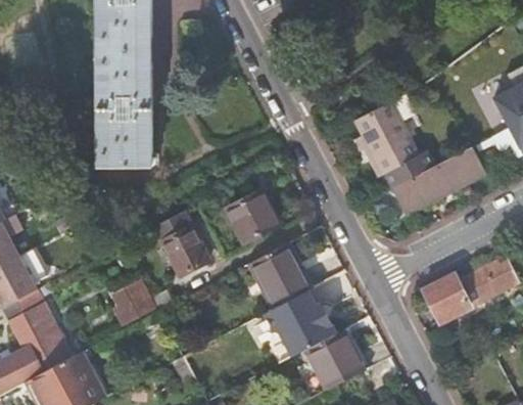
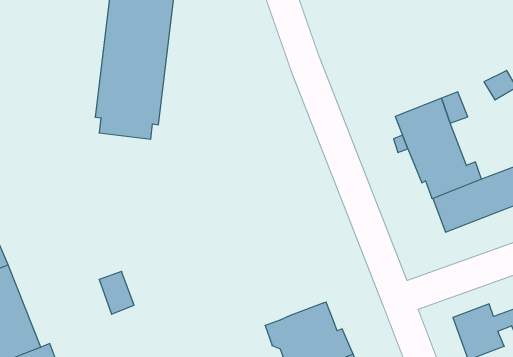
building: [230,189,283,240] -> none
building: [167,225,212,274] -> none
building: [250,243,311,308] -> none

